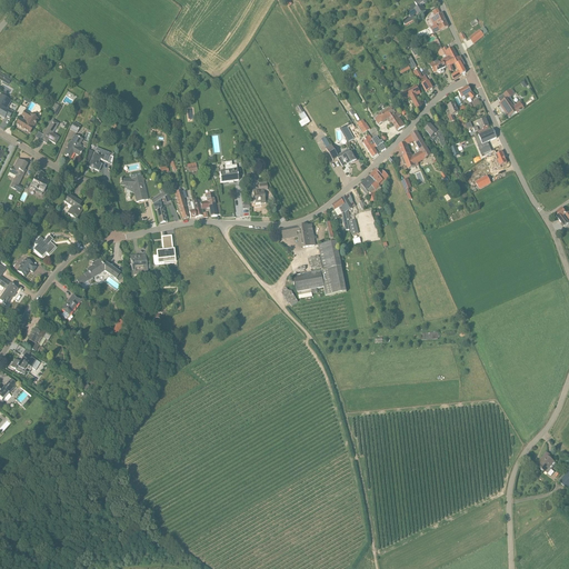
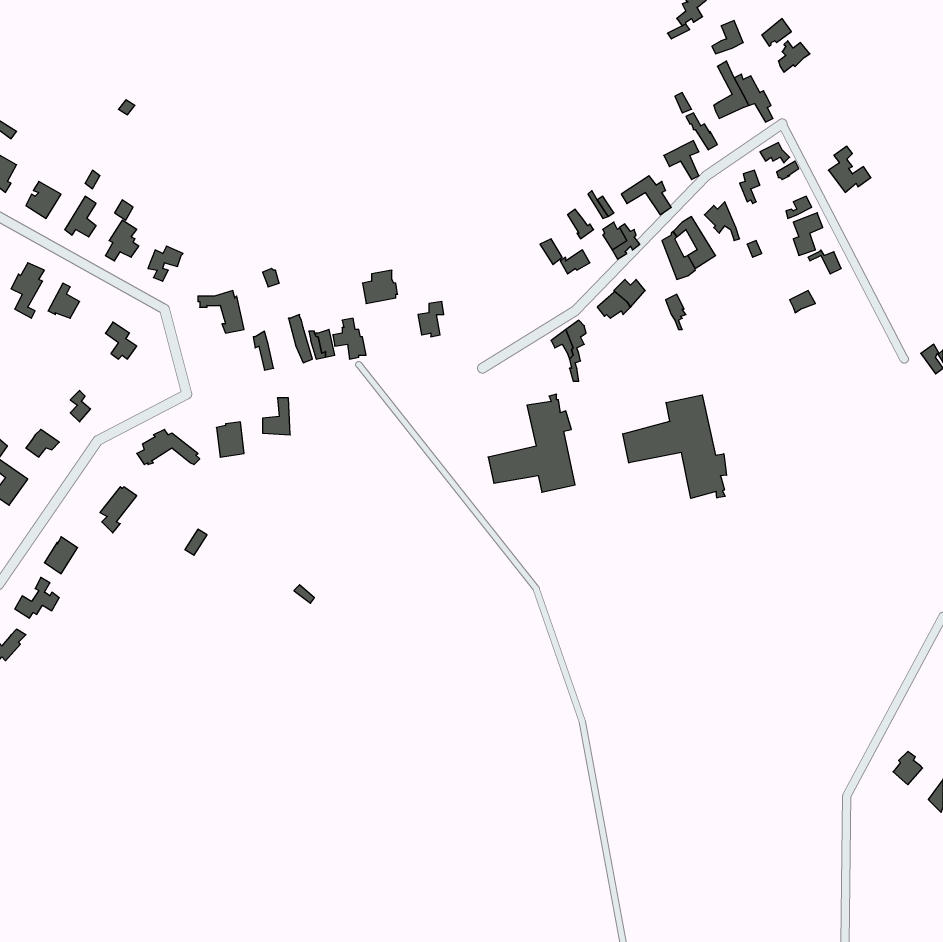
building: [281,222,315,247] -> none
building: none -> [623,395,727,498]

